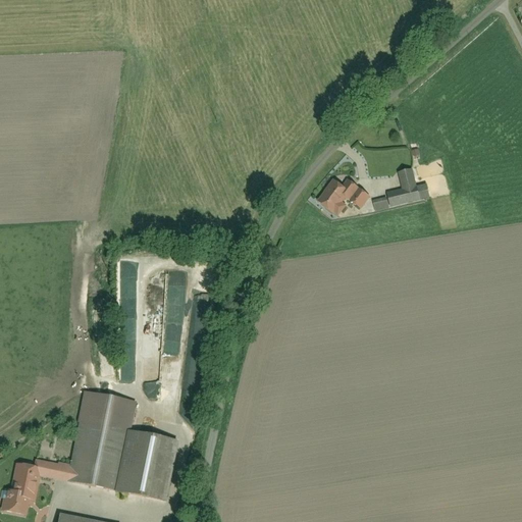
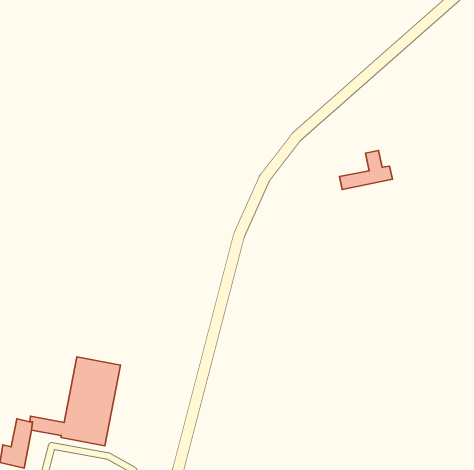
building: [316,178,371,214] -> none
building: [115,427,175,498] -> none

